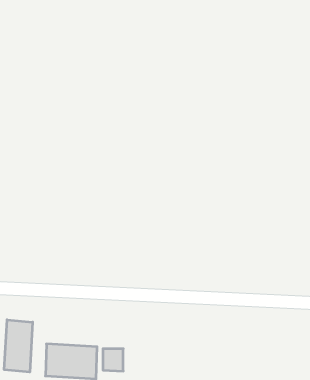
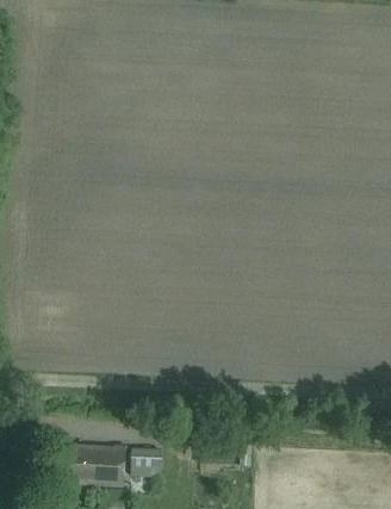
building: [4,320,33,372] -> none

